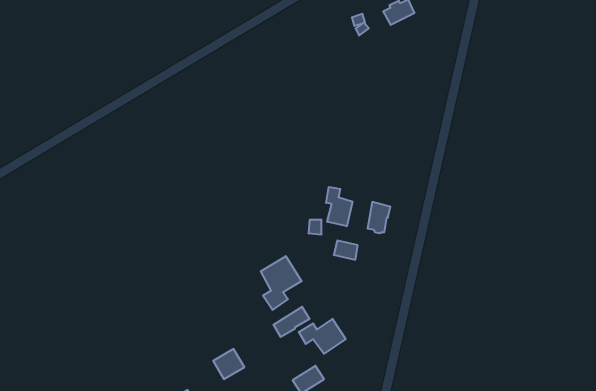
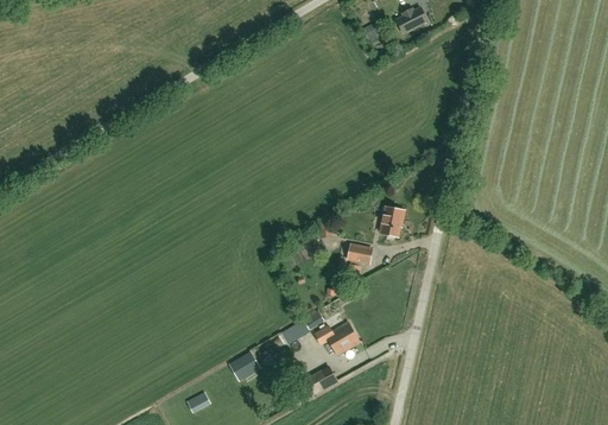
building: [326,187,353,226] -> none
building: [261,256,302,310] -> none

